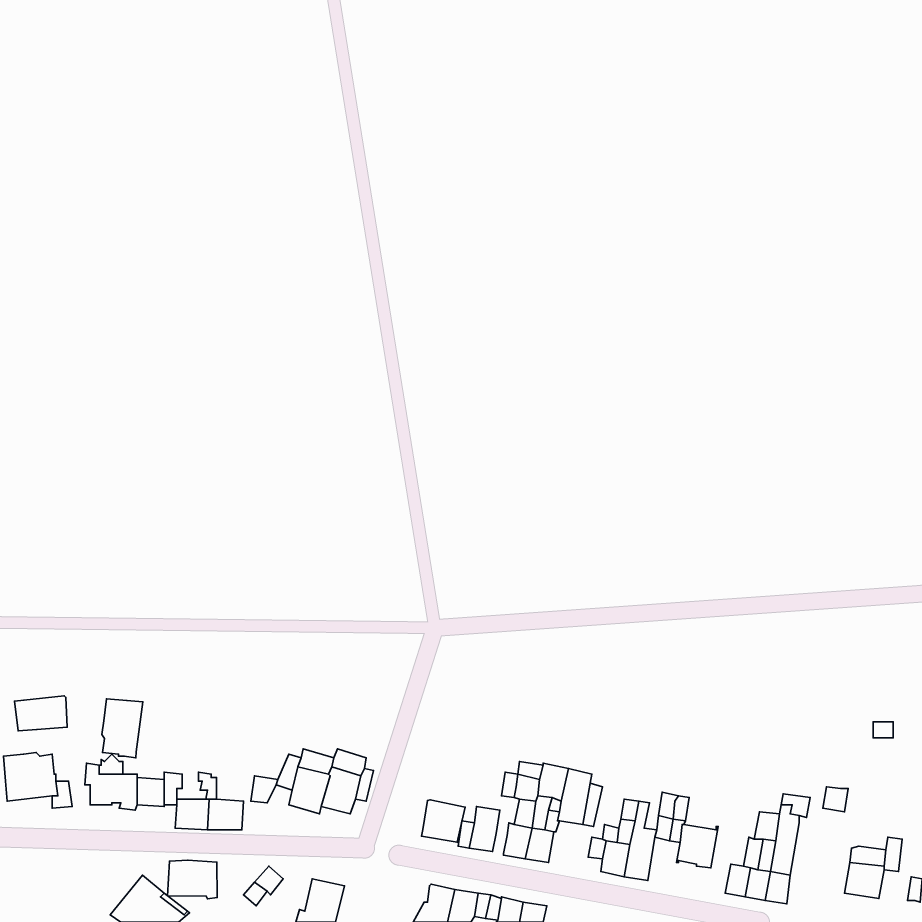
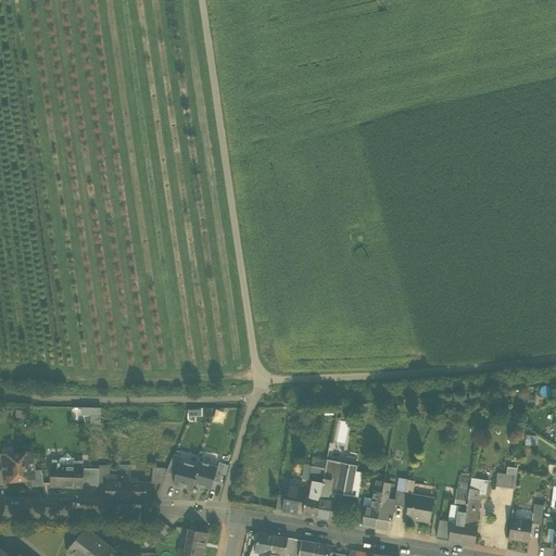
building: [15,696,67,731] -> none
building: [102,699,143,758] -> none
building: [421,800,465,842] -> none
building: [168,860,217,899] -> none

